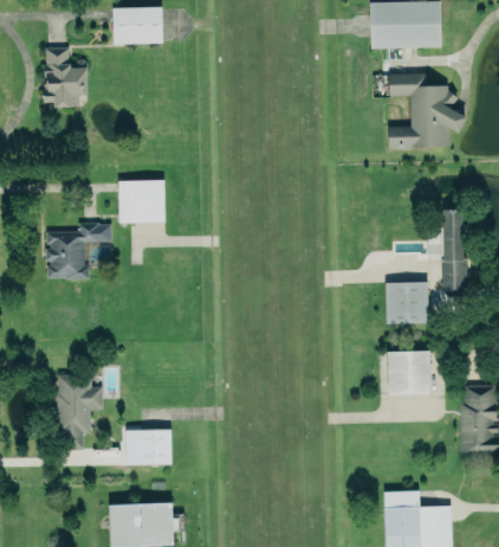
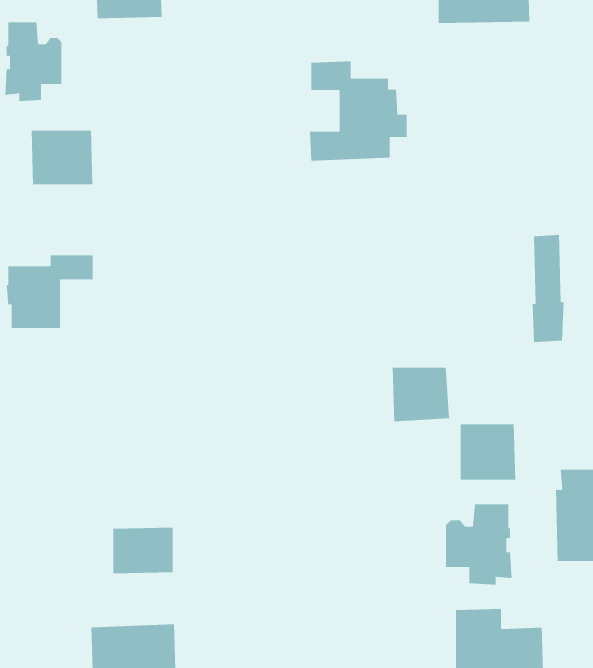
building: [388,72,462,148] -> [309,61,408,161]
building: [118,180,166,221] -> [31,130,93,185]
building: [385,281,429,322] -> [392,367,450,422]
building: [58,373,103,450] -> none
building: none -> [445,503,512,585]

